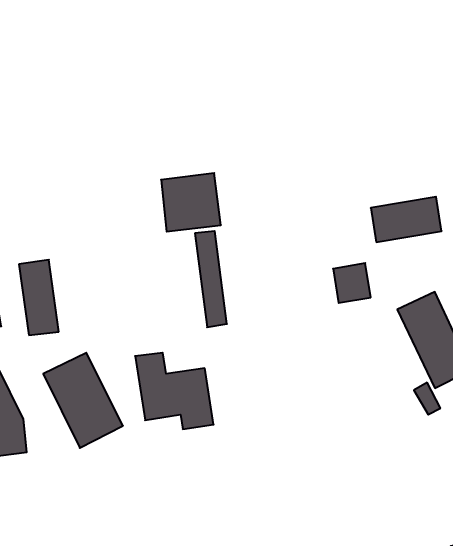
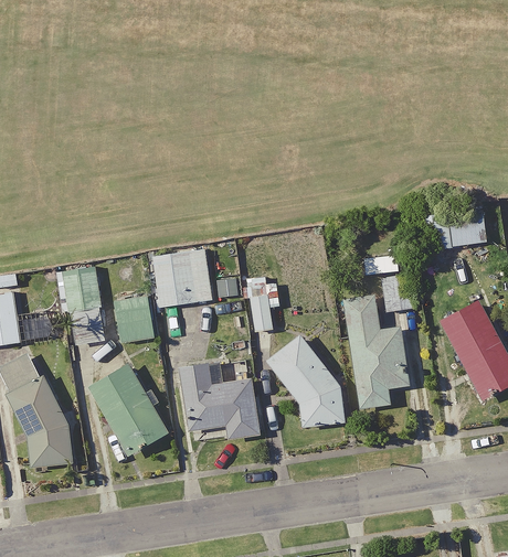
building: [161,173,221,232] -> [151,249,211,308]
building: none -> [341,293,408,408]
building: none -> [114,294,154,343]
building: none -> [267,334,342,427]

